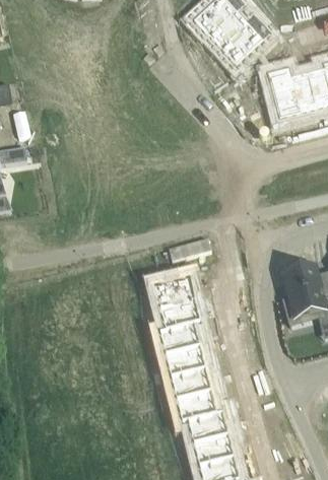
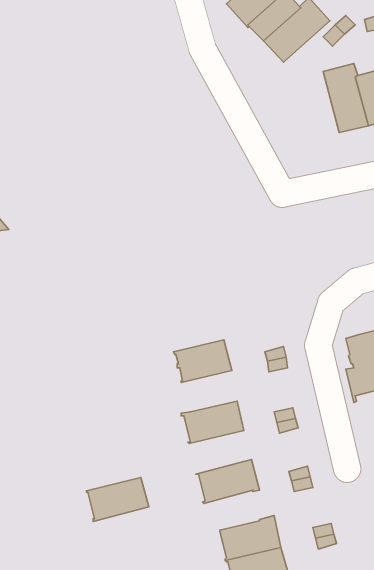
building: [156,297,200,329] -> none
building: [162,343,210,376] -> [86,478,149,522]
building: [174,389,216,422] -> none

